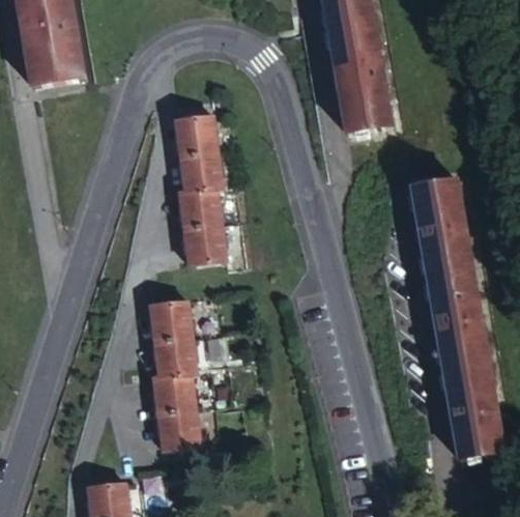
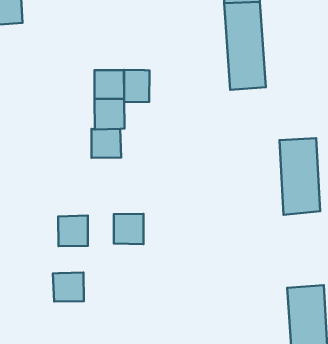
building: none -> [124,70,150,102]
building: [185,227,226,267] -> [114,214,143,244]
building: [428,266,487,365] -> none
building: [156,340,197,377] -> none
building: [158,408,199,448] -> none

